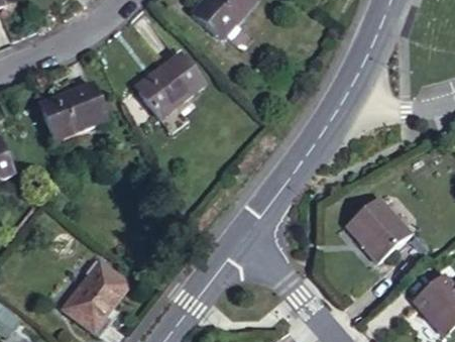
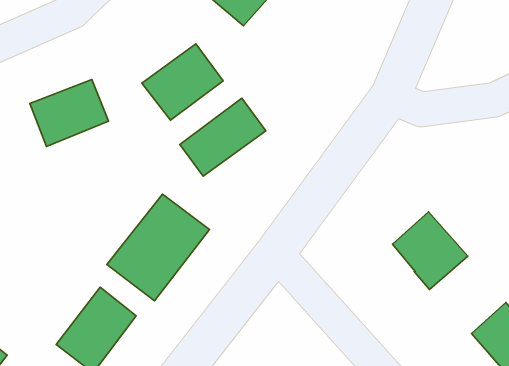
building: none -> [180,98,266,176]
building: none -> [107,194,210,301]

